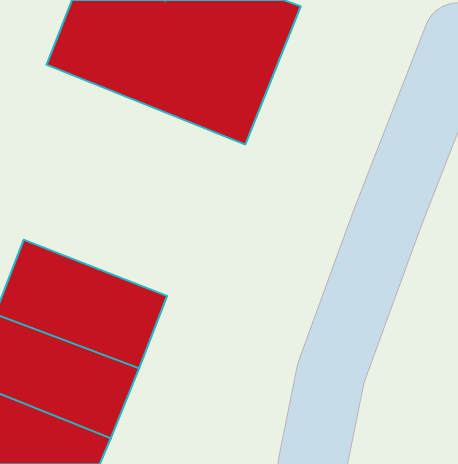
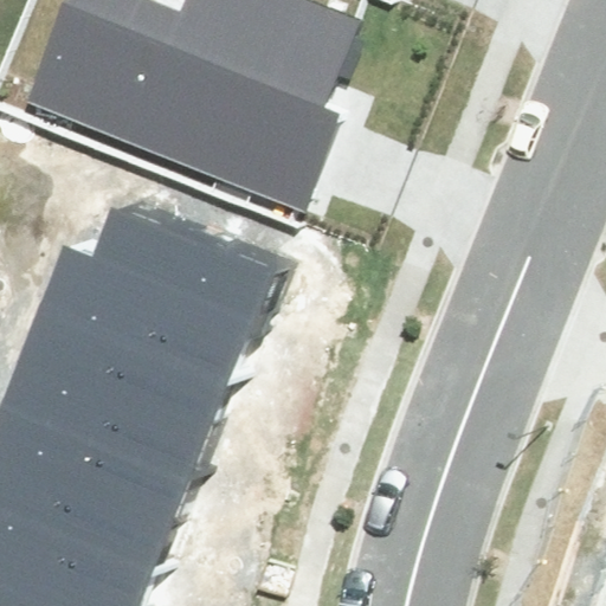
building: none -> [31,213,263,386]

